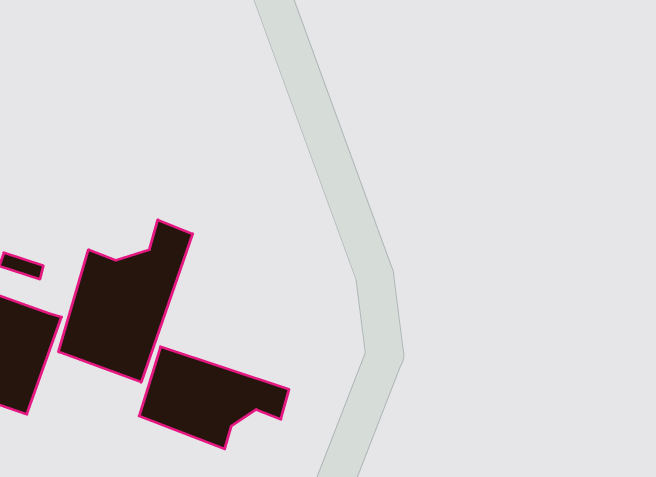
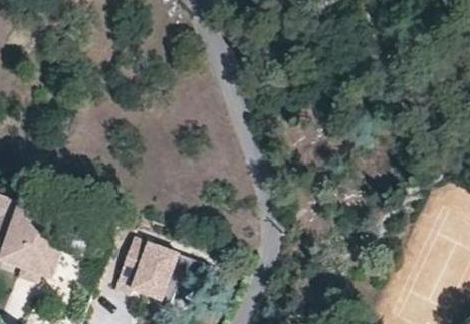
building: [59,220,193,382] -> none

